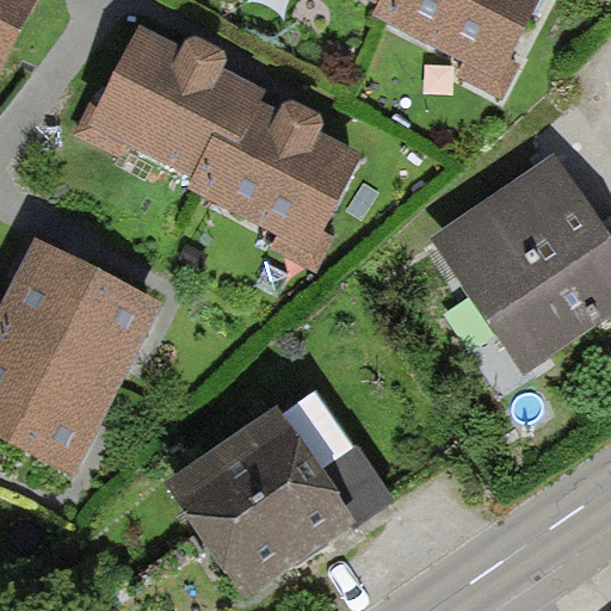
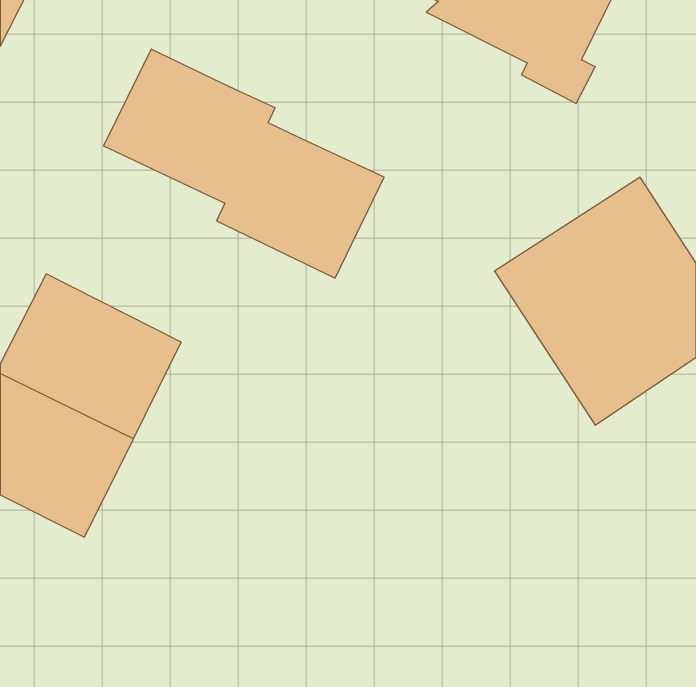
building: [172,406,389,590] -> none

